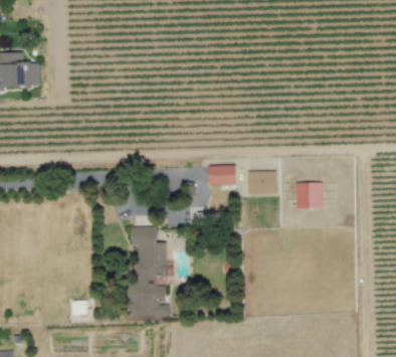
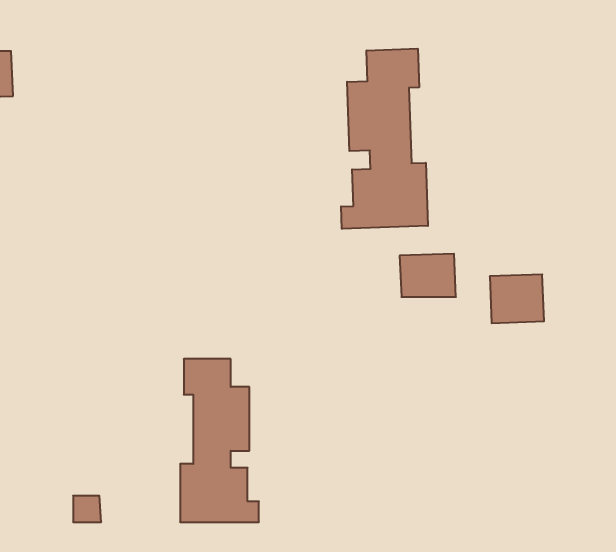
building: none -> [341,49,428,229]
building: [208,166,236,186] -> none

